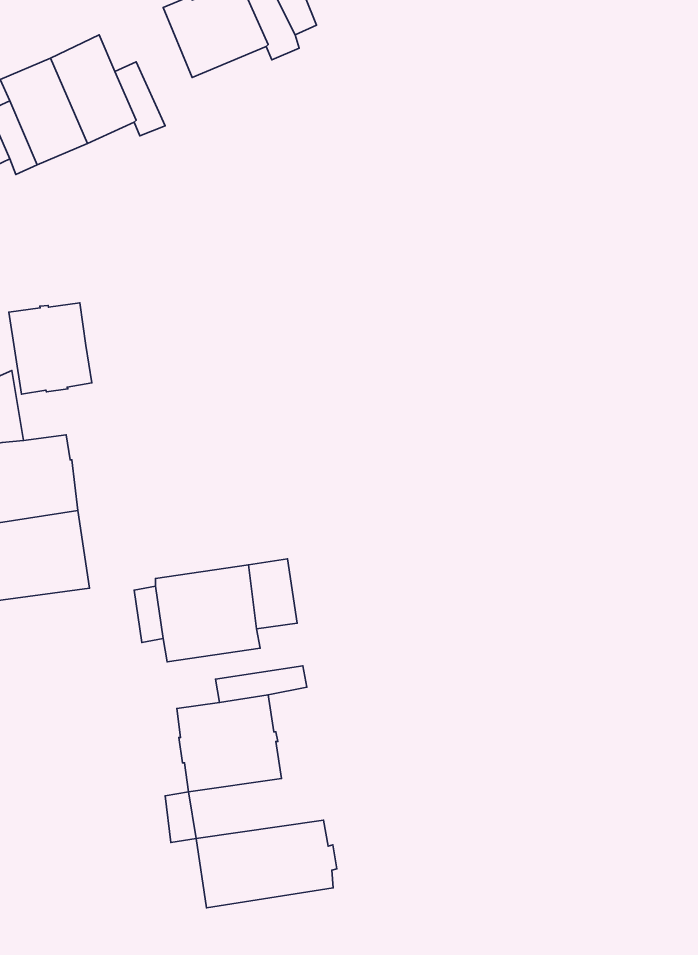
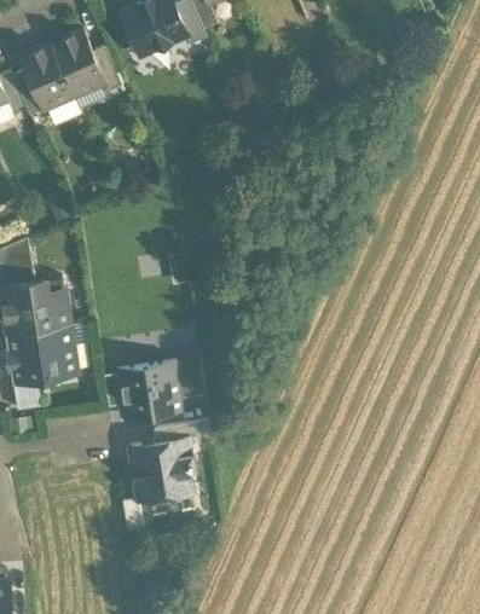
building: [9,303,92,394] -> none
building: [196,820,337,908] -> none

